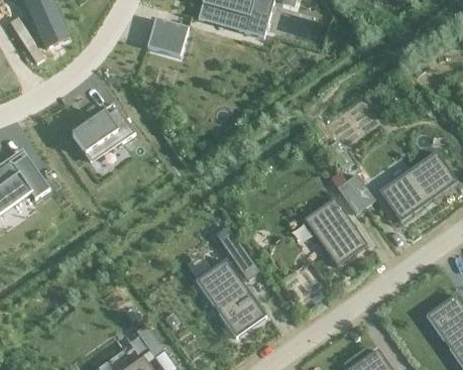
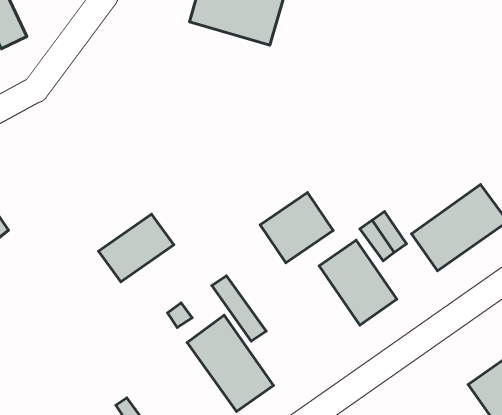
building: [146,18,188,56] -> none
building: [73,107,134,162] -> [99,214,174,282]
building: none -> [260,193,333,263]

